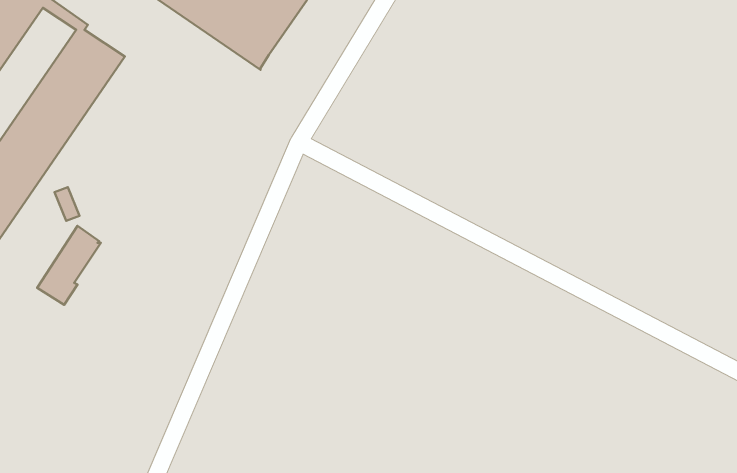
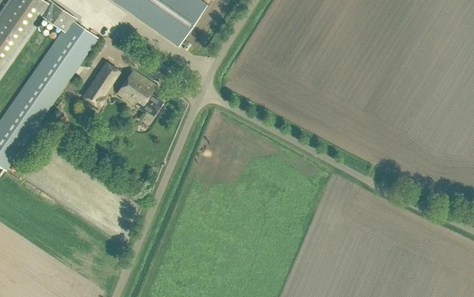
building: none -> [116,69,161,114]
building: [37,226,101,305] -> [81,59,119,106]

